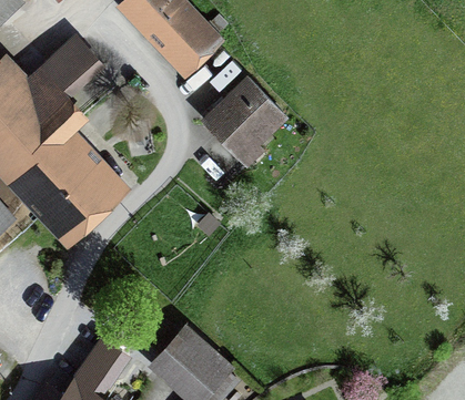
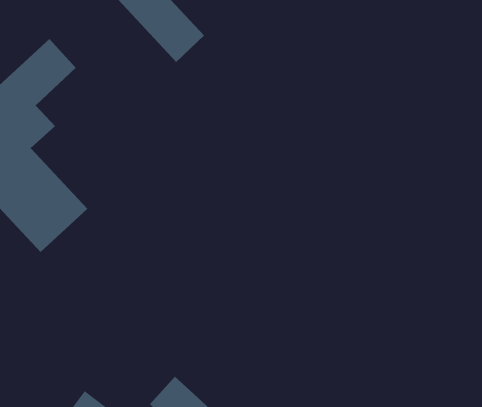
building: [204,80,282,155] -> none

